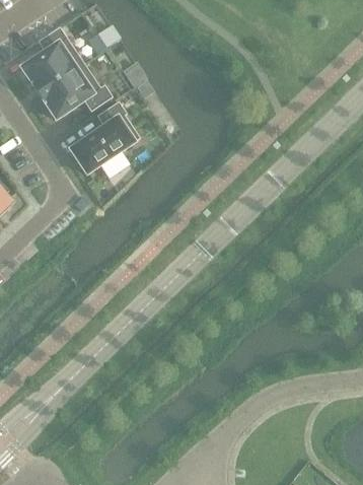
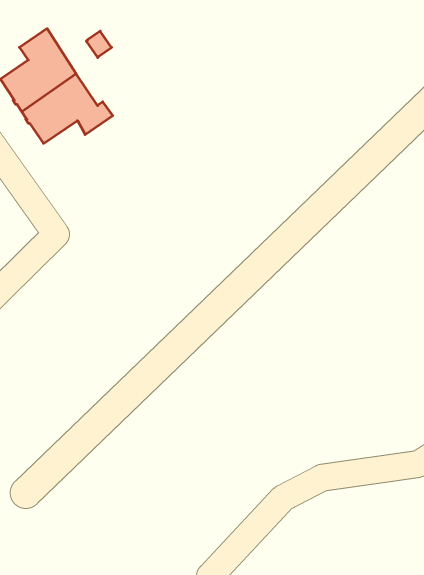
building: [70,102,139,175] -> none

